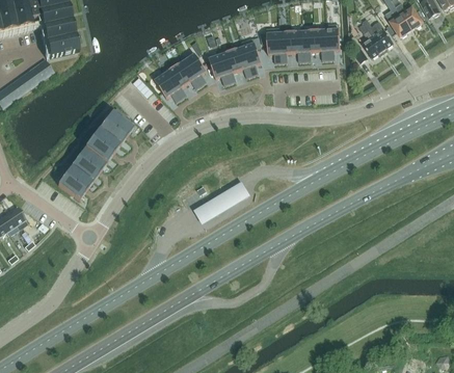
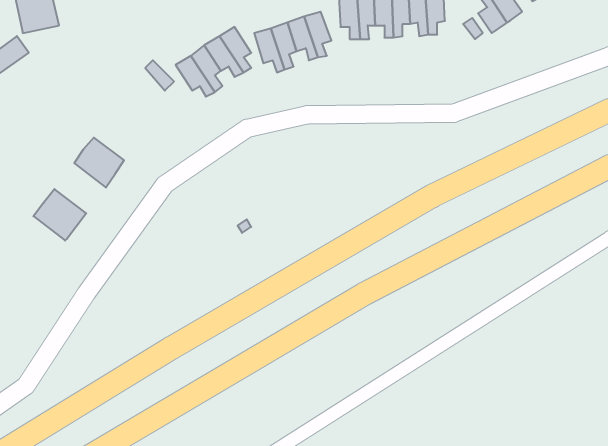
building: [99,106,134,144] -> none
building: [72,146,107,181] -> none
building: [193,180,250,224] -> none

